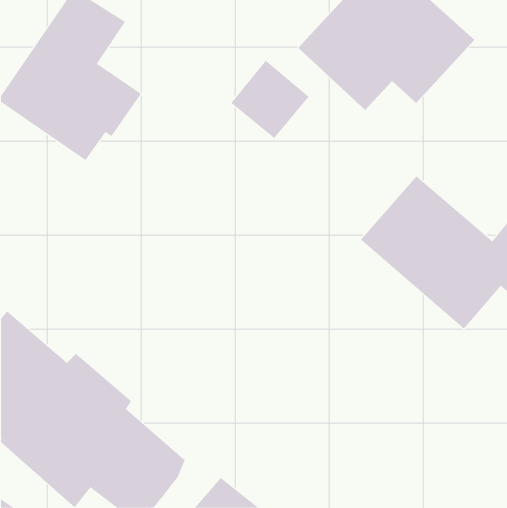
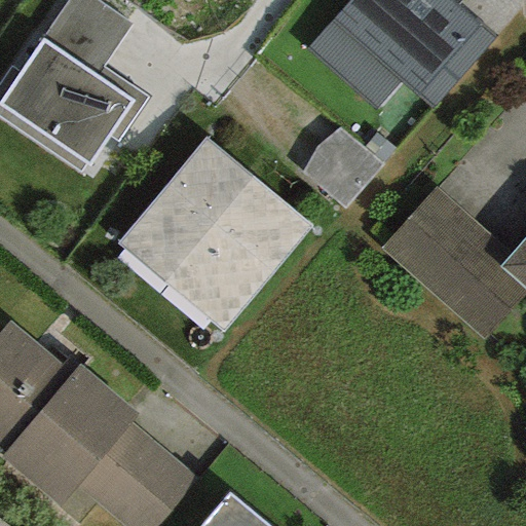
building: [231,60,309,139] -> [304,120,385,201]
building: none -> [118,137,311,330]

